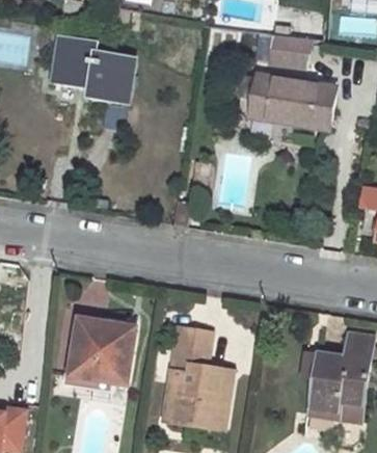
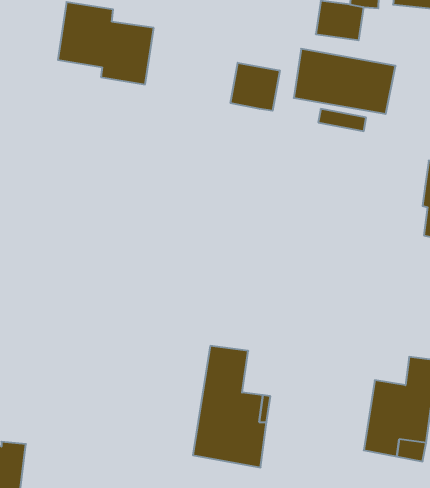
building: none -> [231,63,280,111]
building: [70,319,134,384] -> none

